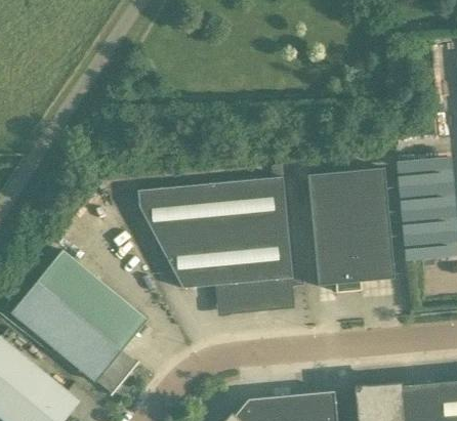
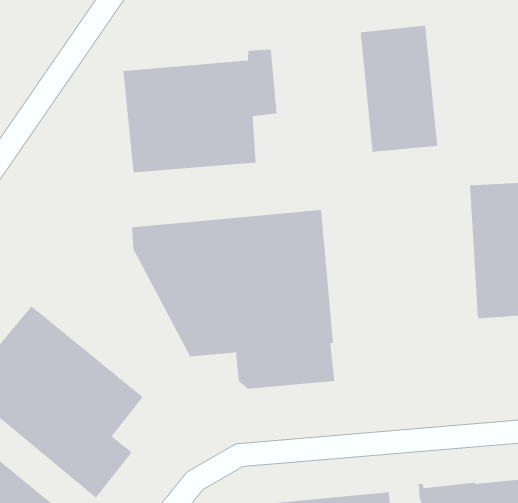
building: none -> [360,25,438,152]
building: none -> [123,49,277,173]
building: [283,167,396,293] -> none

